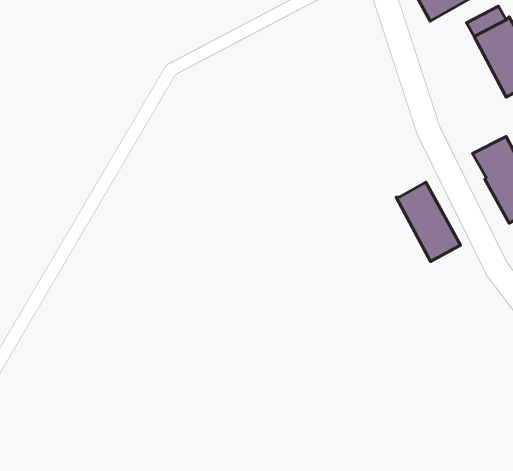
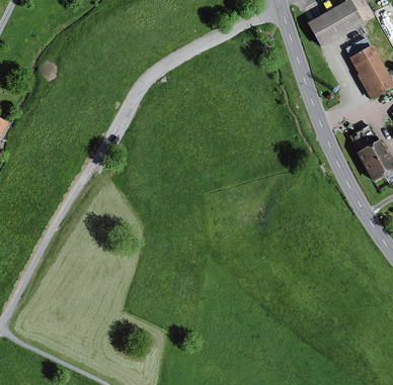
building: [396,182,461,262] -> none

